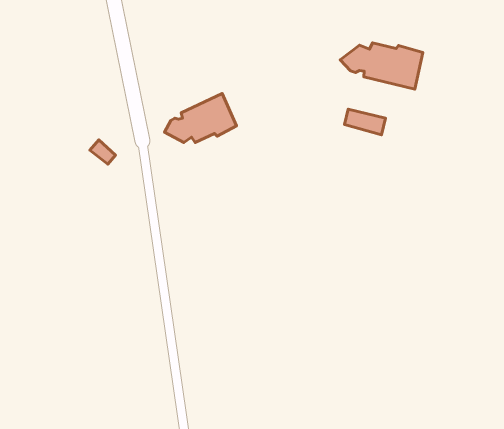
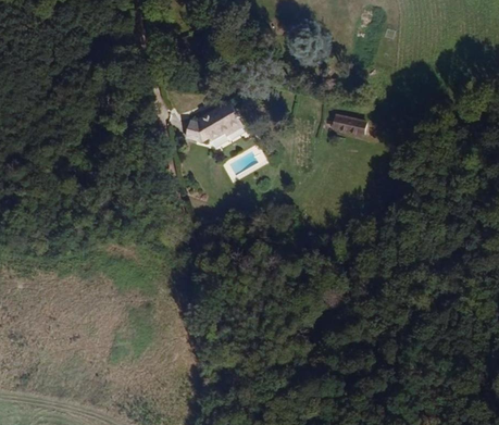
building: [340,43,423,89] -> none

